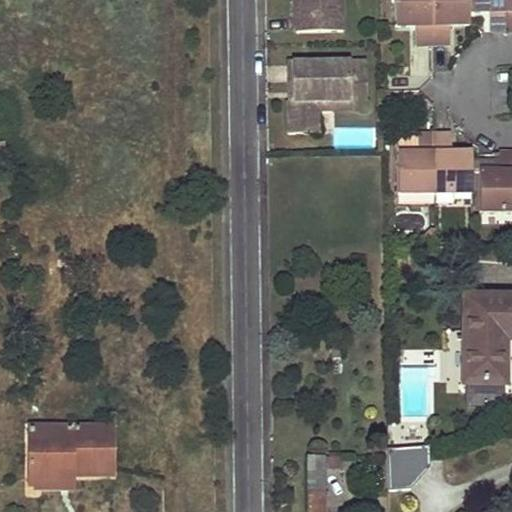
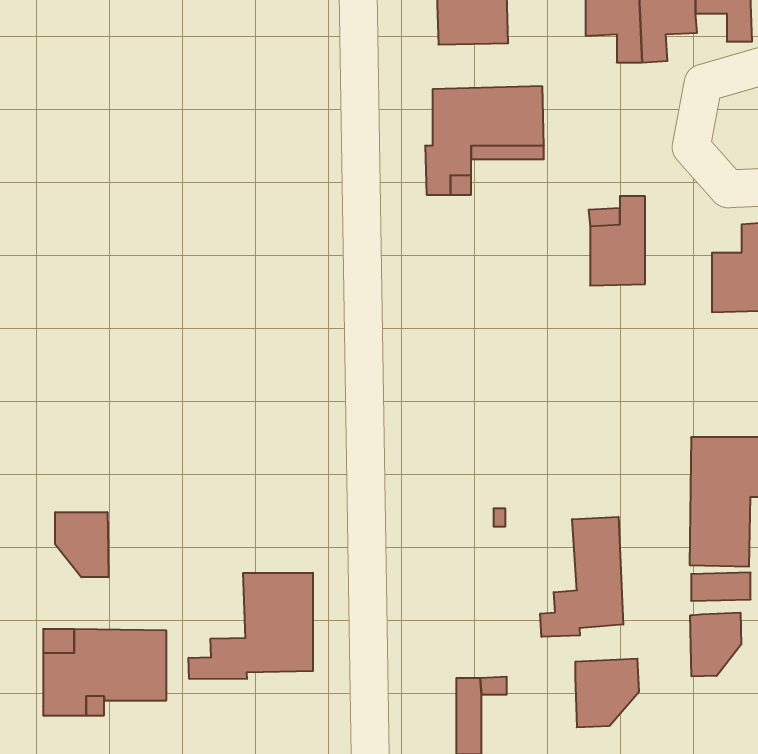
building: [435,132,472,191] -> none
building: none -> [55,512,109,577]
building: none -> [540,517,623,637]
building: none -> [189,573,313,679]
building: none -> [690,613,741,676]

